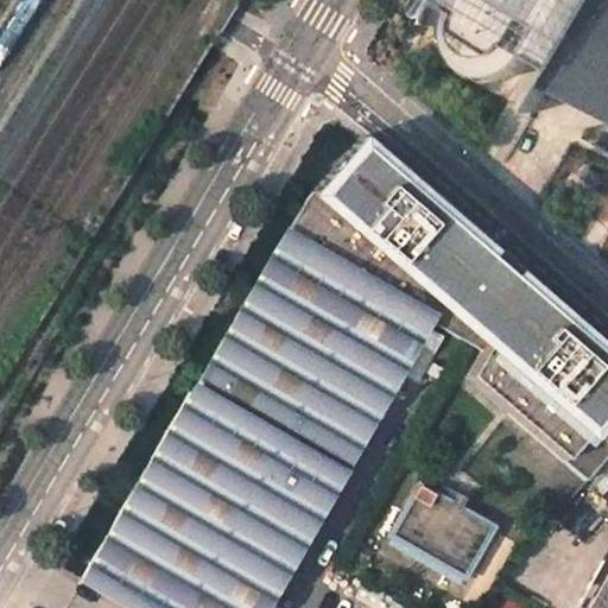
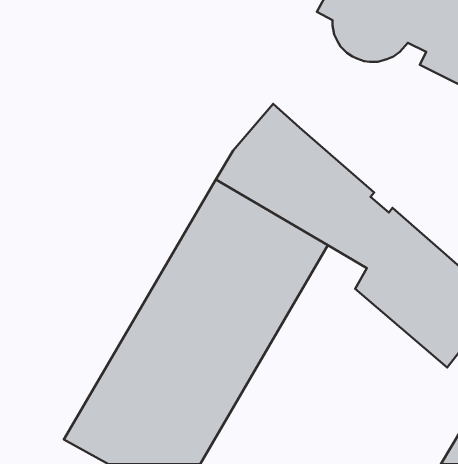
building: [398,483,501,576] -> none

